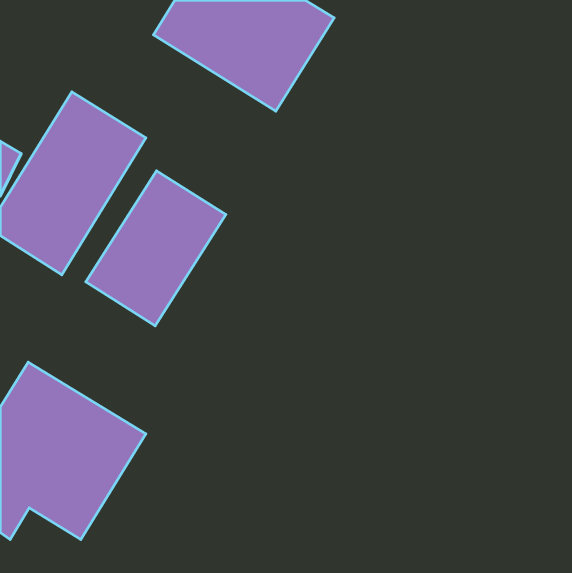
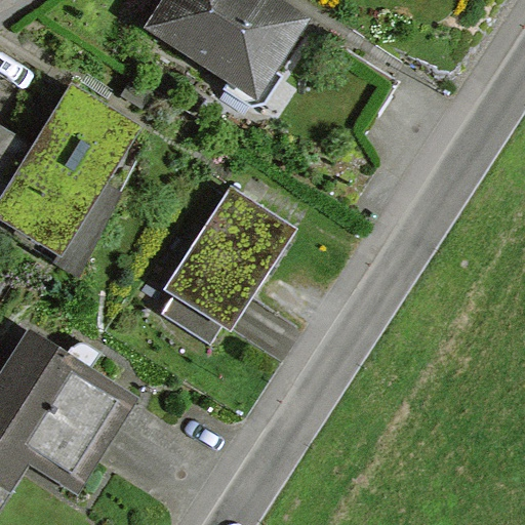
building: [86,171,226,326] -> [165,188,293,329]

